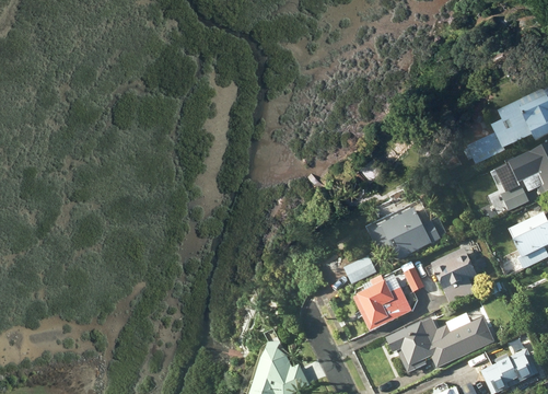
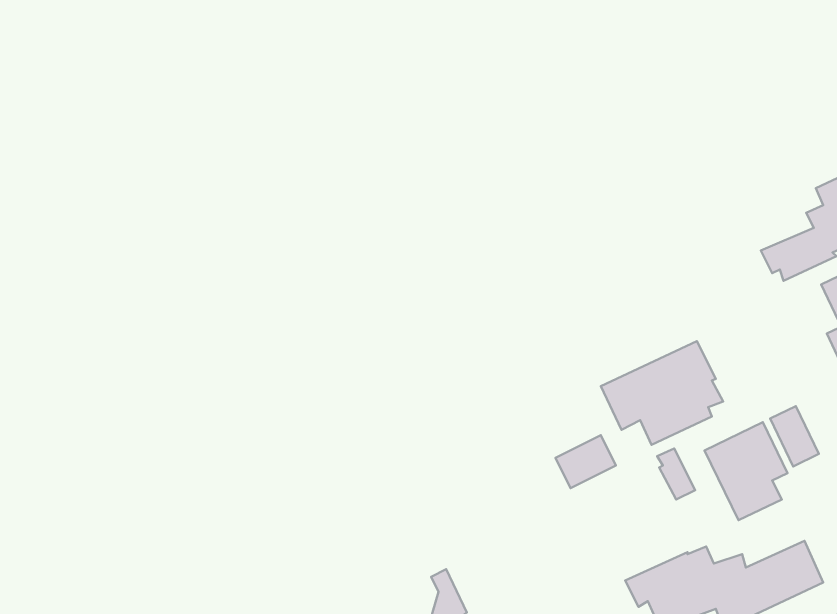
building: none -> [770,406,819,466]
building: [350,275,411,333] -> none

